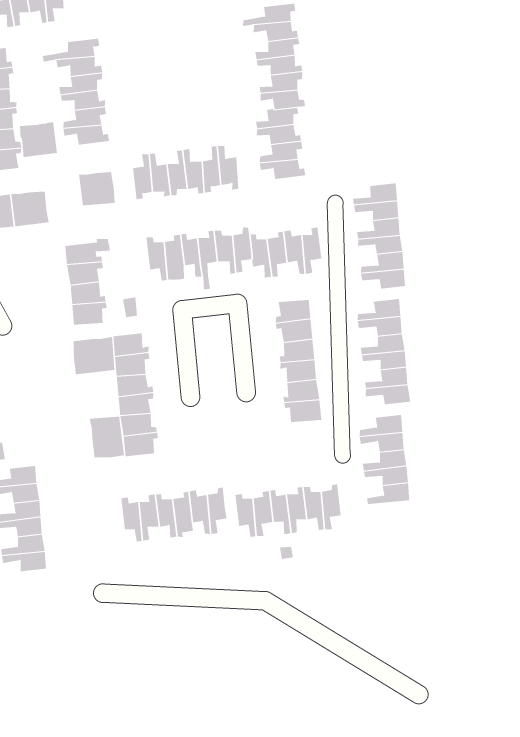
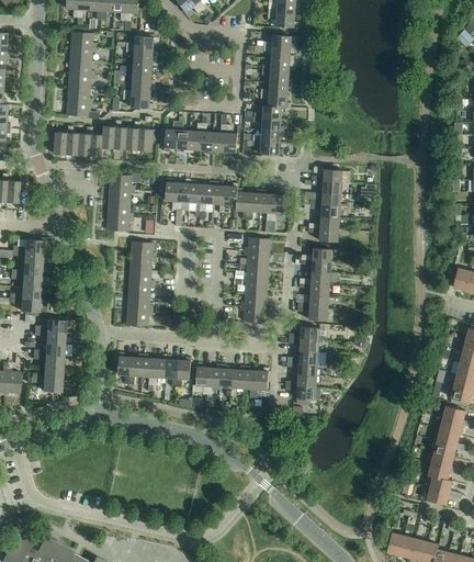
building: [19,122,58,158] -> [103,126,128,149]
building: [71,336,115,375] -> none
building: [89,416,125,460] -> none
building: none -> [285,385,321,405]

